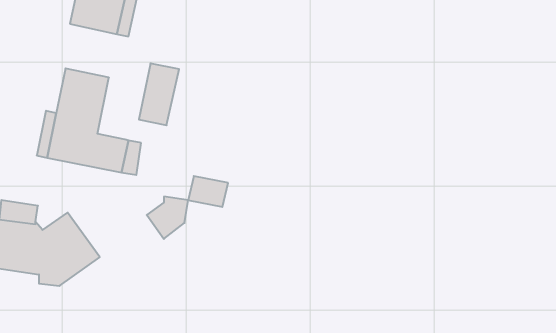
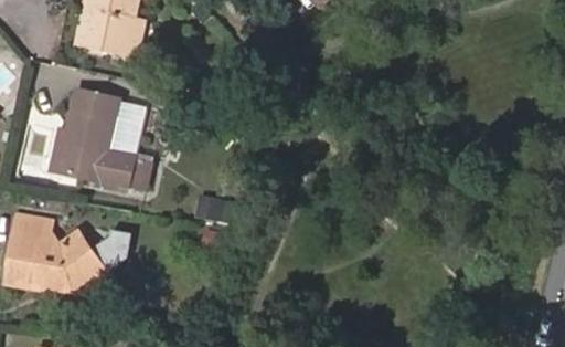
building: [139,63,179,125] -> [106,97,145,157]
building: [147,197,188,239] -> [92,230,131,271]

